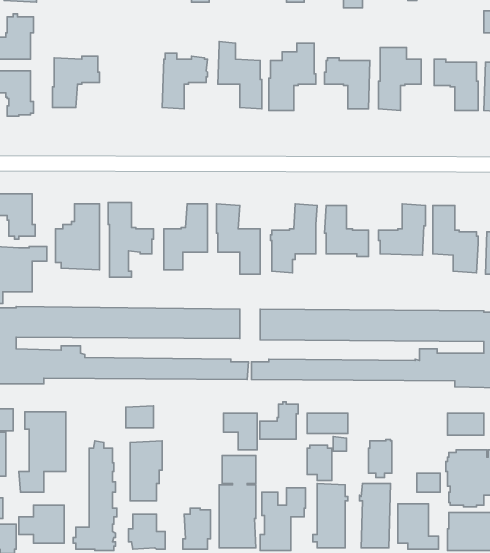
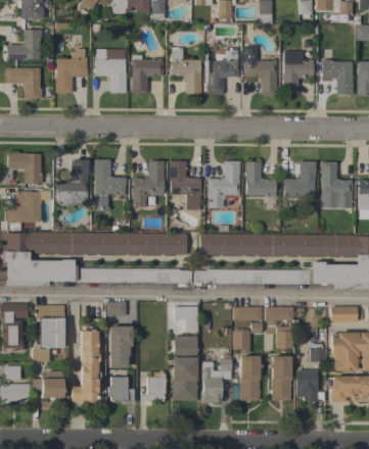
building: none -> [95,49,126,93]
building: [260,402,298,439] -> none
building: none -> [265,306,293,320]

